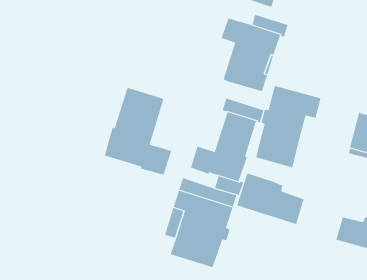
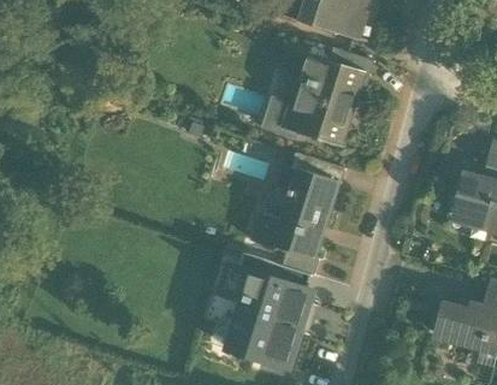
building: none -> [262,97,300,137]
building: [256,85,321,168] -> none
building: [104,87,172,176] -> none
building: [237,173,304,225] -> none

